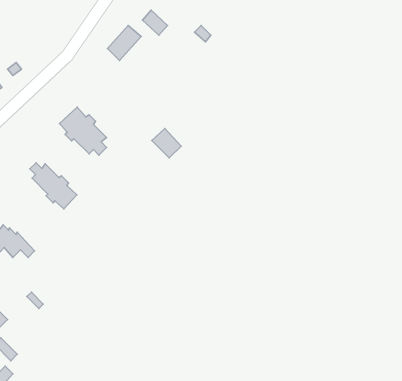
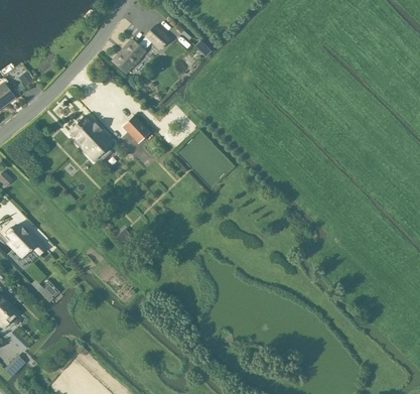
building: [152,129,181,158] -> [122,116,149,143]
building: [30,163,77,209] -> none

